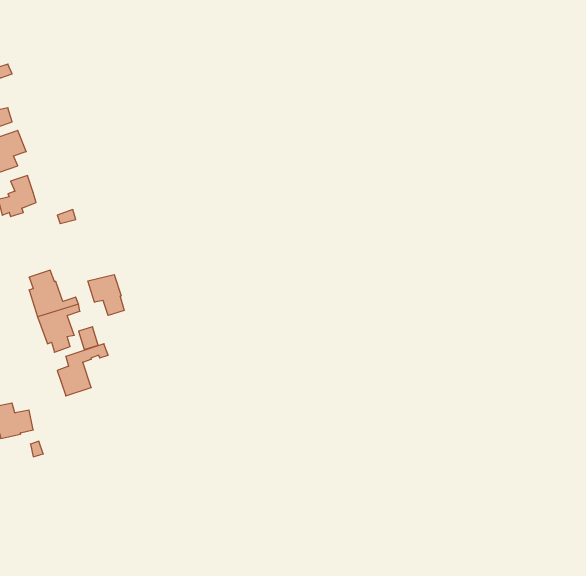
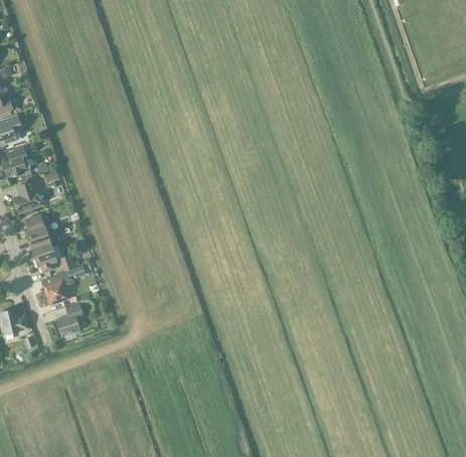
building: none -> [13,180,36,212]
building: [88,275,124,315] -> none
building: none -> [55,304,83,335]

